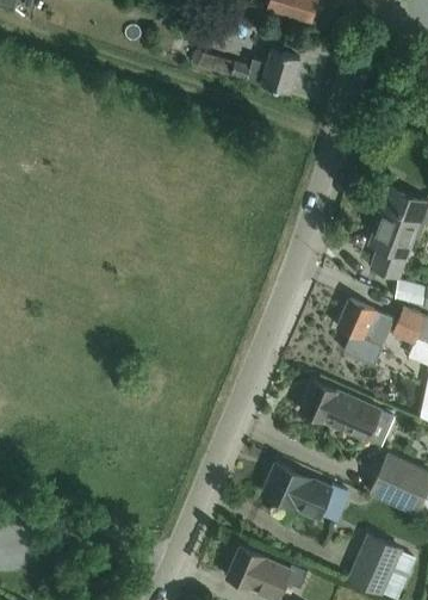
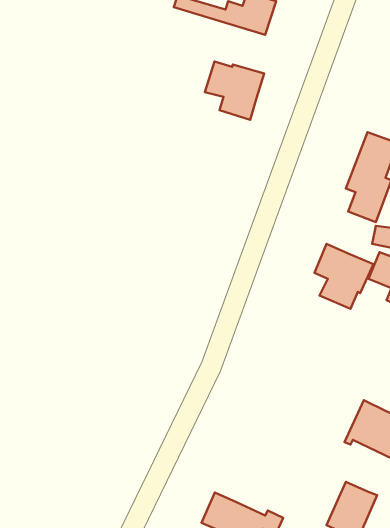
building: none -> [205,61,264,120]
building: [300,382,393,447] -> none
building: [263,465,331,518] -> none

